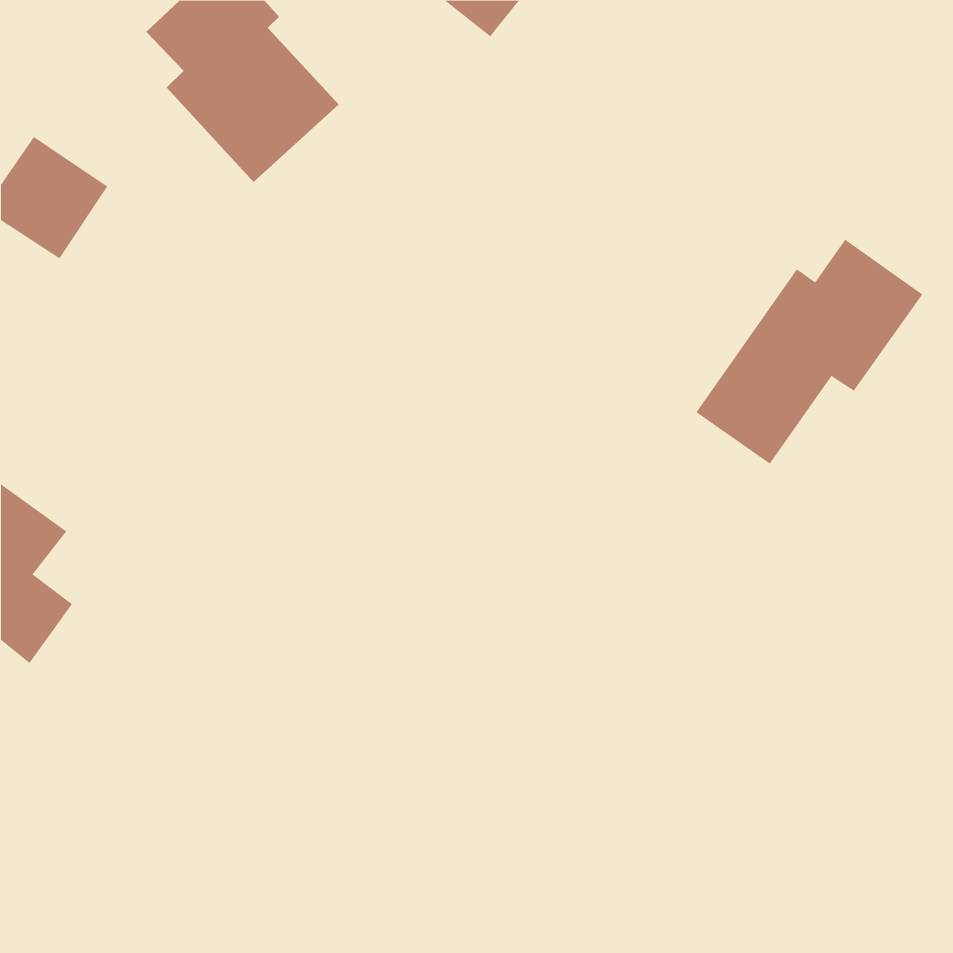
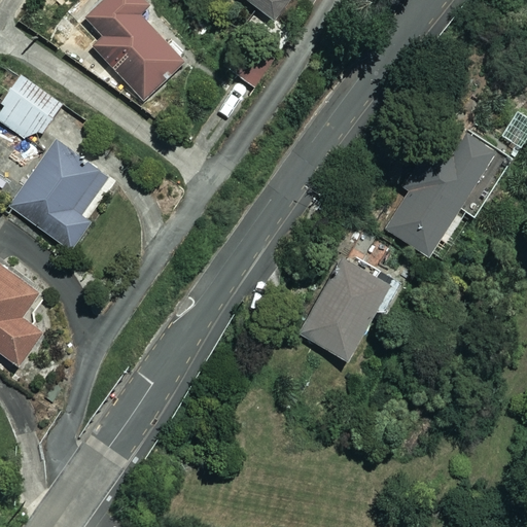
building: none -> [8,140,115,249]
building: none -> [297,261,395,360]

